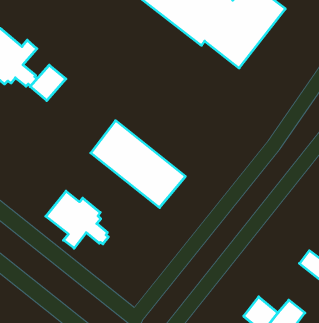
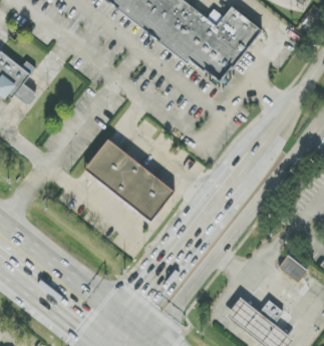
building: [30,65,66,101] -> none
building: [46,191,108,248] -> none

